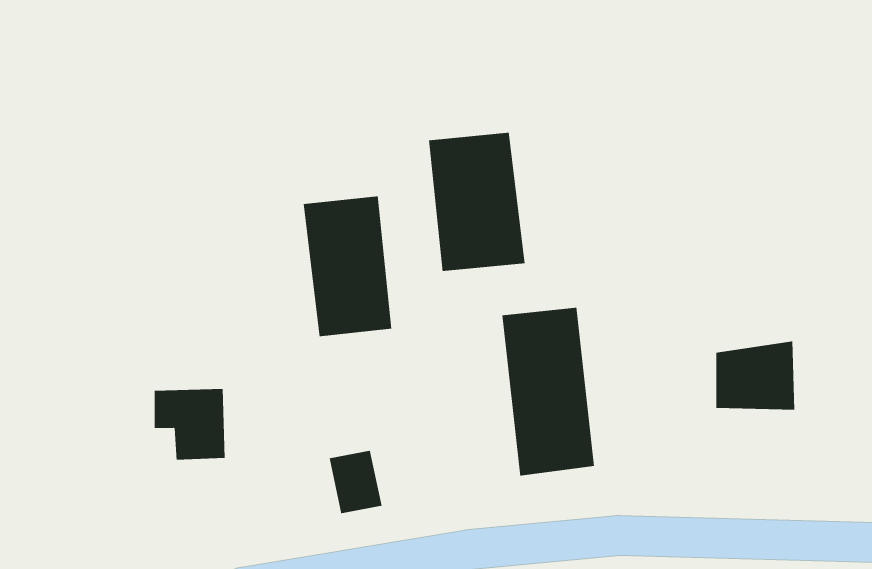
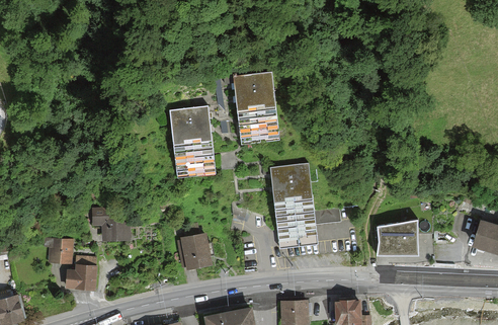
building: [716,341,795,410] -> [377,221,417,256]
building: none -> [49,236,72,262]
building: none -> [67,255,96,291]

